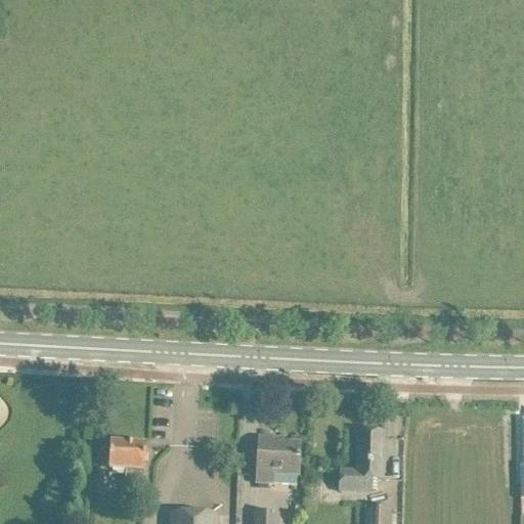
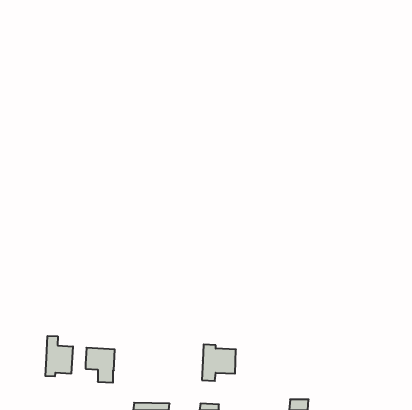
building: none -> [45,336,73,376]
building: [341,430,384,490] -> none

